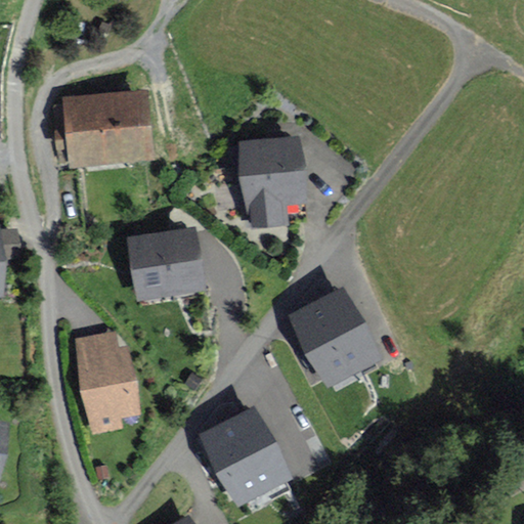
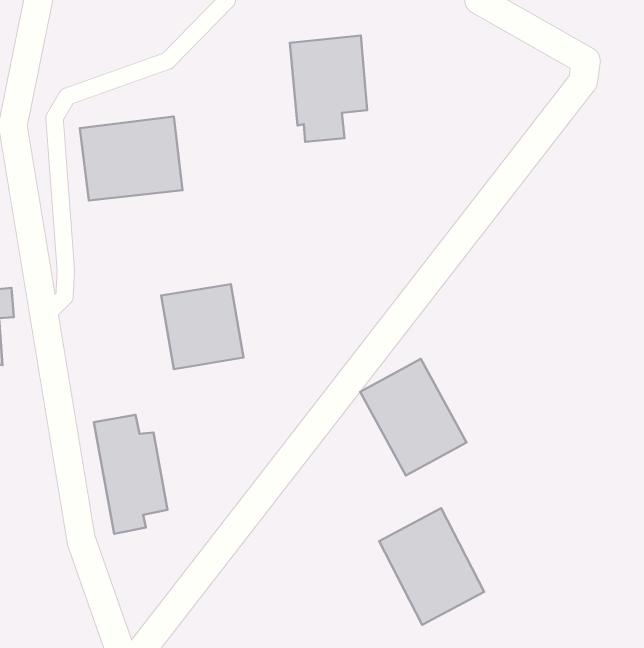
building: [239,138,302,224] -> [290,35,367,142]
building: [202,409,287,504] -> [379,508,484,625]

